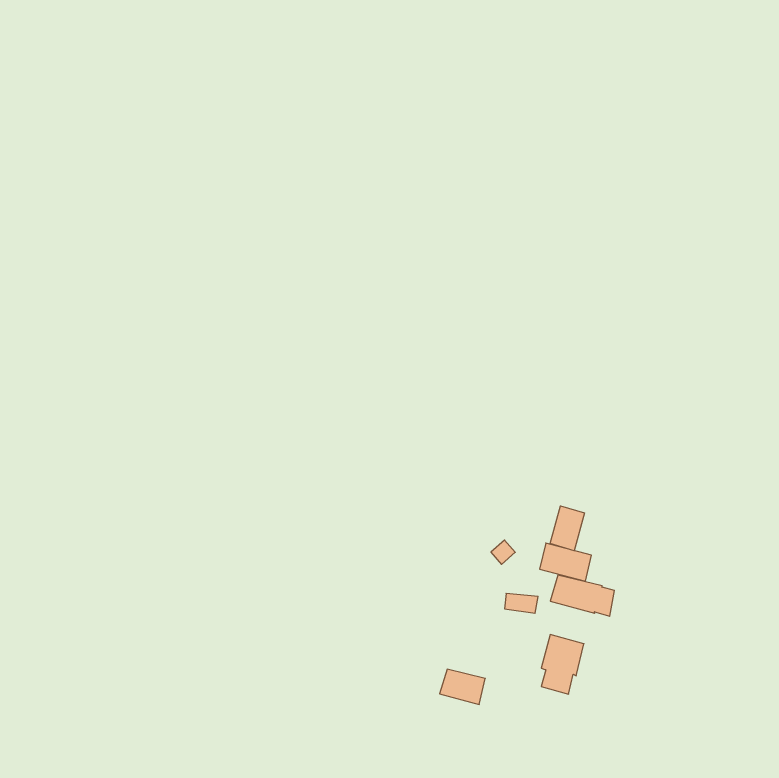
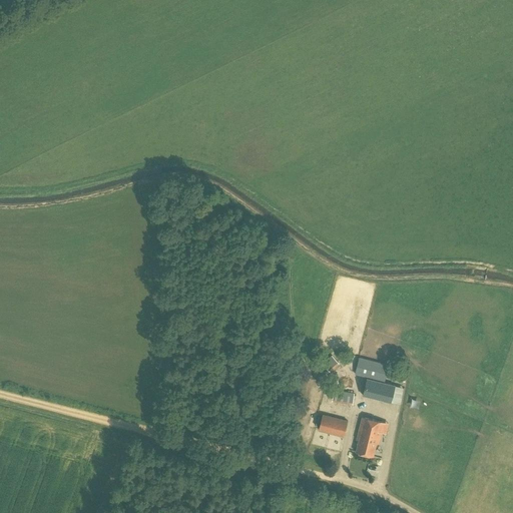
building: [550,506,584,551] -> none
building: [440,669,485,704] -> [318,415,348,438]

